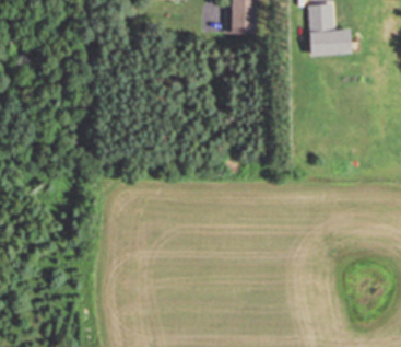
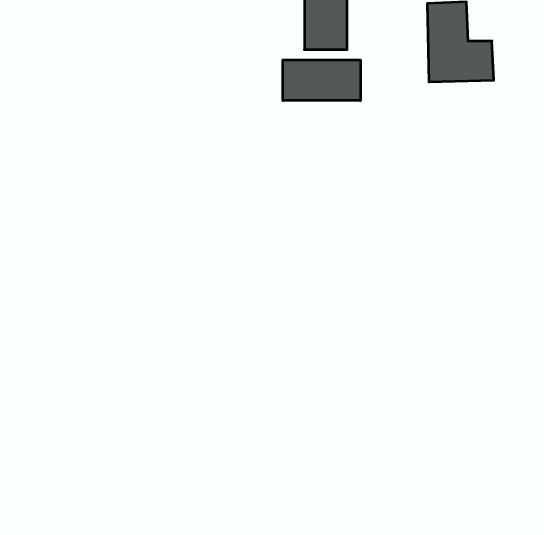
building: none -> [283,60,360,101]

